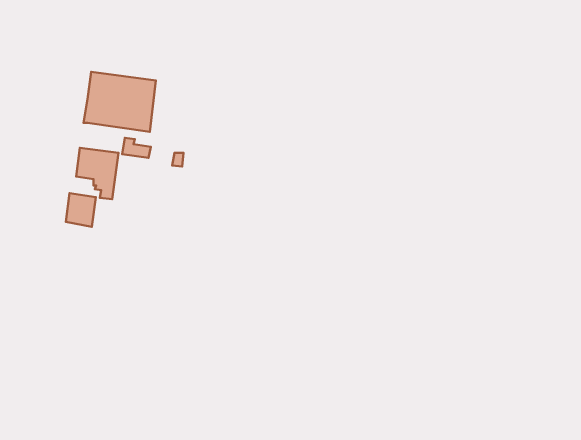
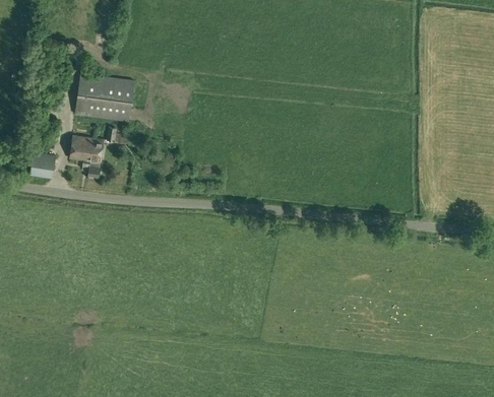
building: [66,193,96,227] -> [30,150,55,178]

